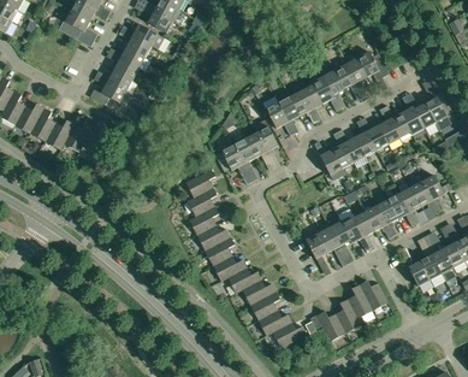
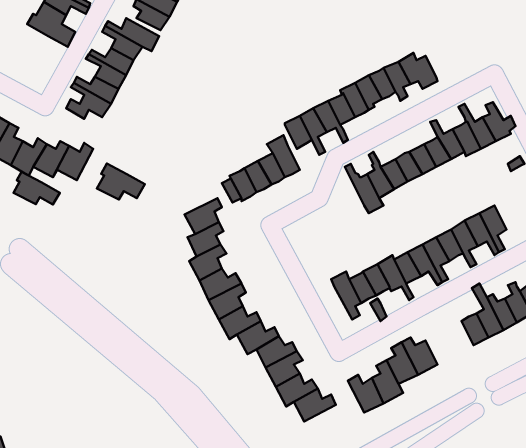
building: none -> [97,164,145,200]
building: none -> [14,172,60,204]

